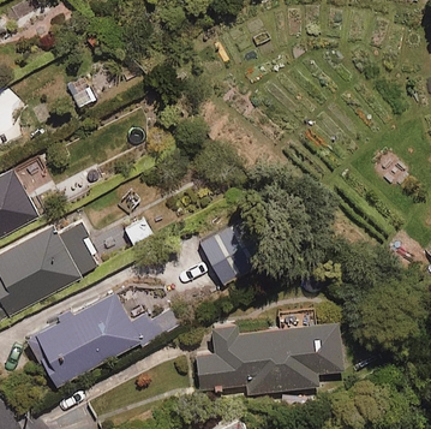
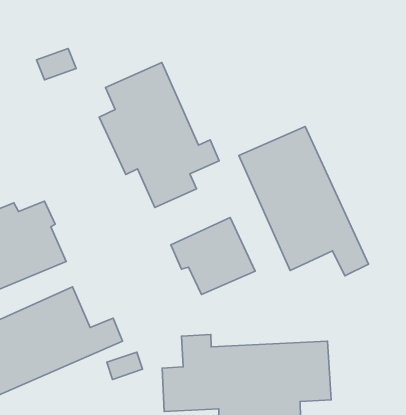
building: none -> [99,63,219,208]
building: none -> [239,127,368,276]

